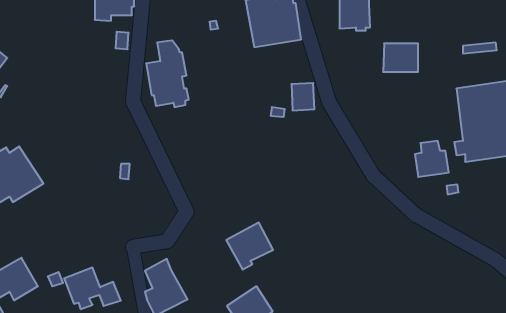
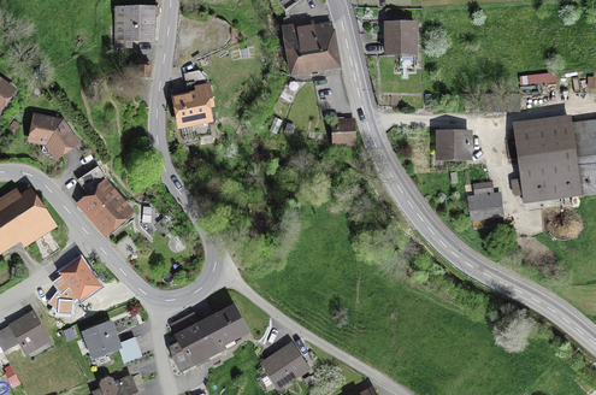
building: [383,43,418,72] -> [433,130,472,161]
building: none -> [26,112,79,160]
building: none -> [75,165,134,238]
building: none -> [48,258,100,308]
building: [226,223,273,270] -> [197,303,249,355]

